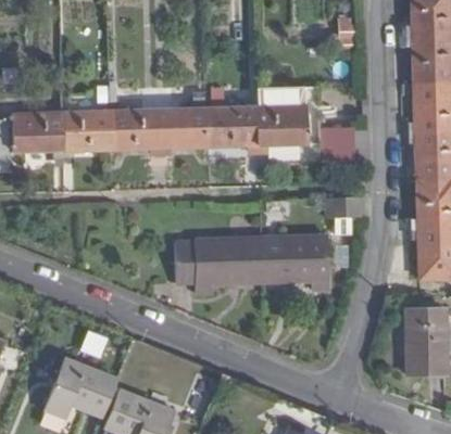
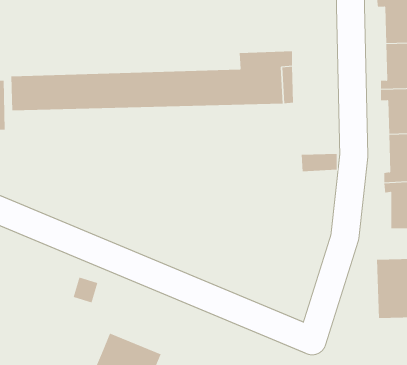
building: [320,127,354,163] -> none
building: [175,237,327,293] -> none
building: [43,358,117,418] -> none

